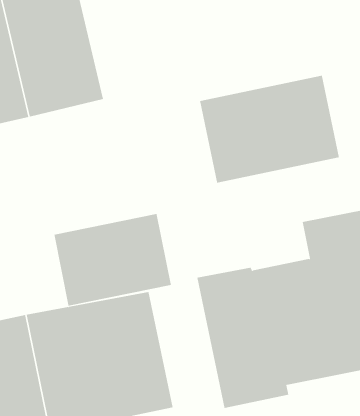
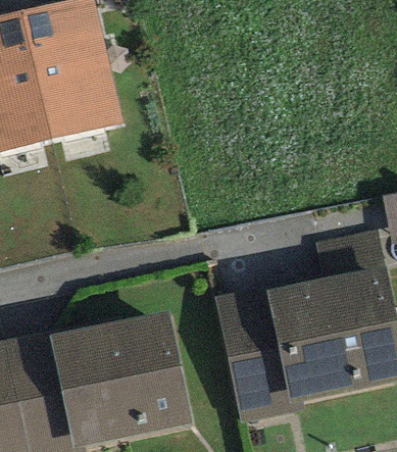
building: [200,75,339,184] -> none
building: [54,213,172,307] -> none

